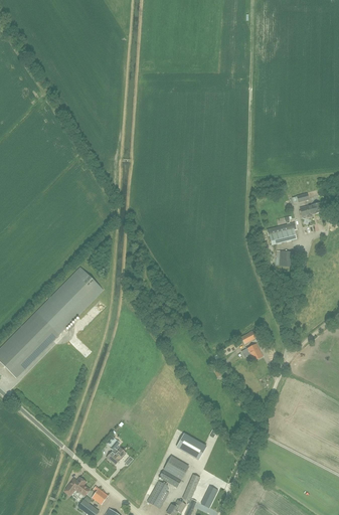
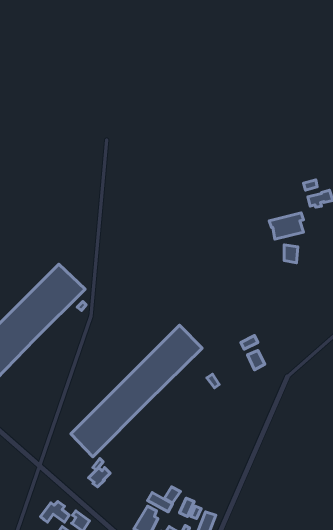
building: none -> [71,325,202,457]
building: [176,433,206,459] -> none

